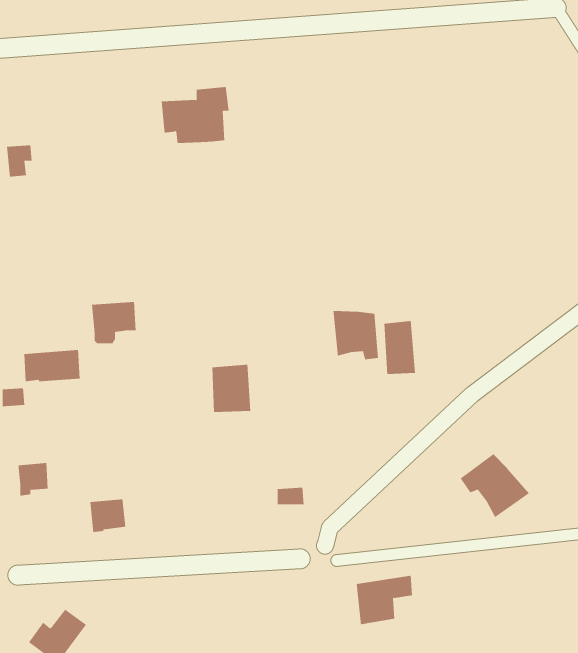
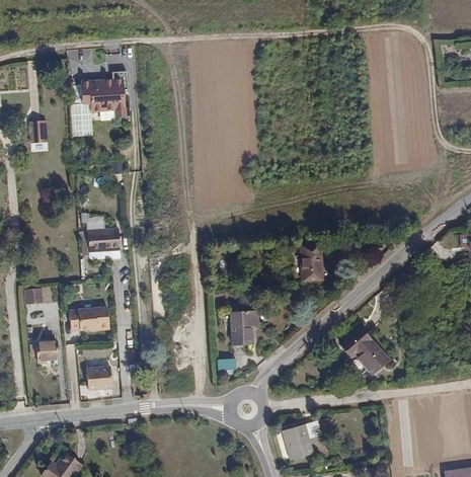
building: [161,86,230,144] -> [82,72,130,111]
building: [333,310,379,360] -> none
building: [23,350,80,382] -> [71,308,110,330]
building: [212,364,251,413] -> [223,313,250,346]

